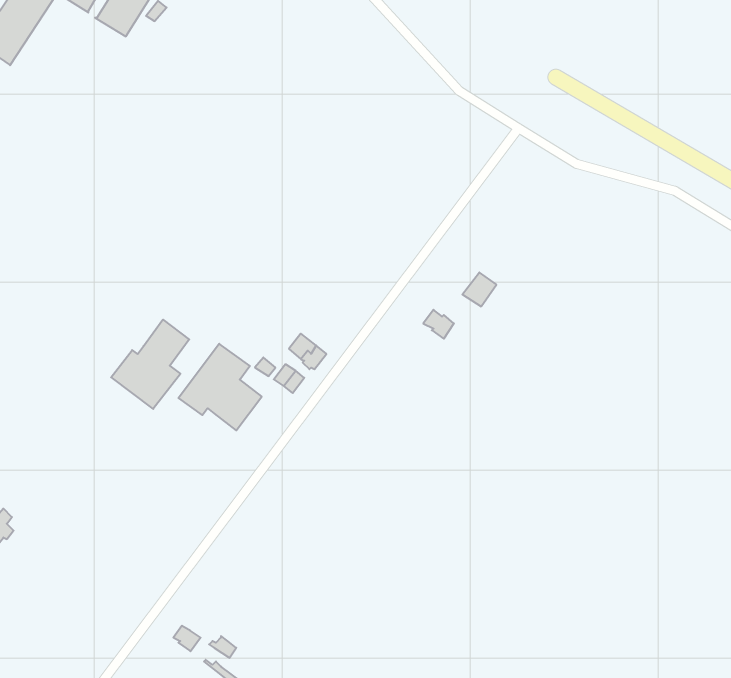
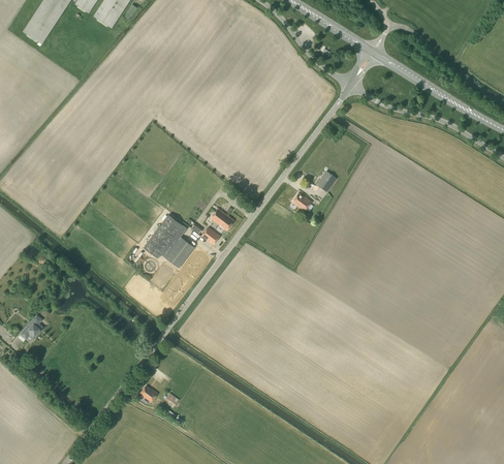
building: [111,320,189,409] -> none

